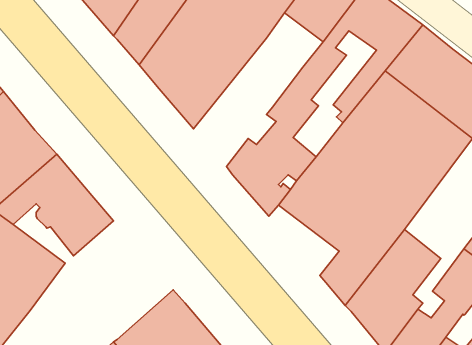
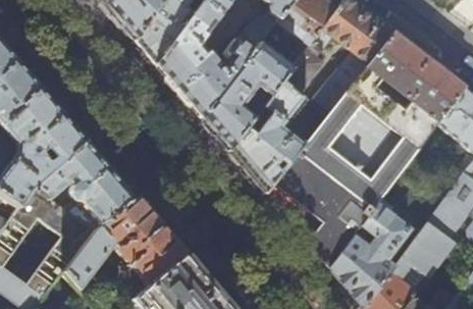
building: none -> [202,43,294,151]
building: none -> [64,197,185,297]

